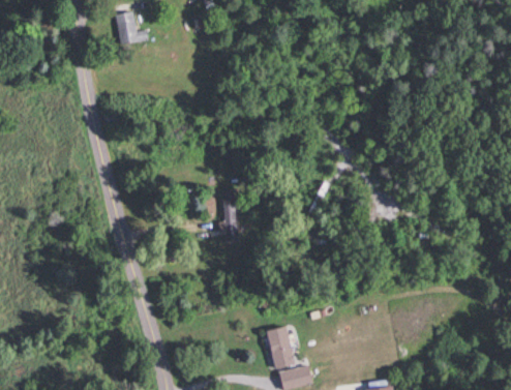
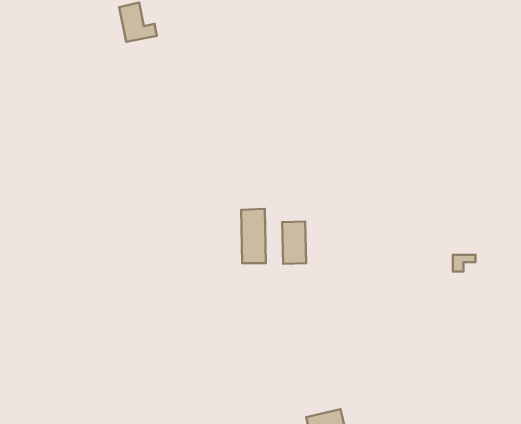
building: none -> [282,221,306,264]
building: [265,326,296,370] -> none

